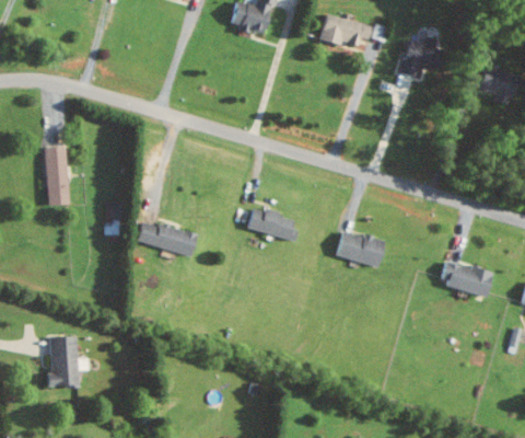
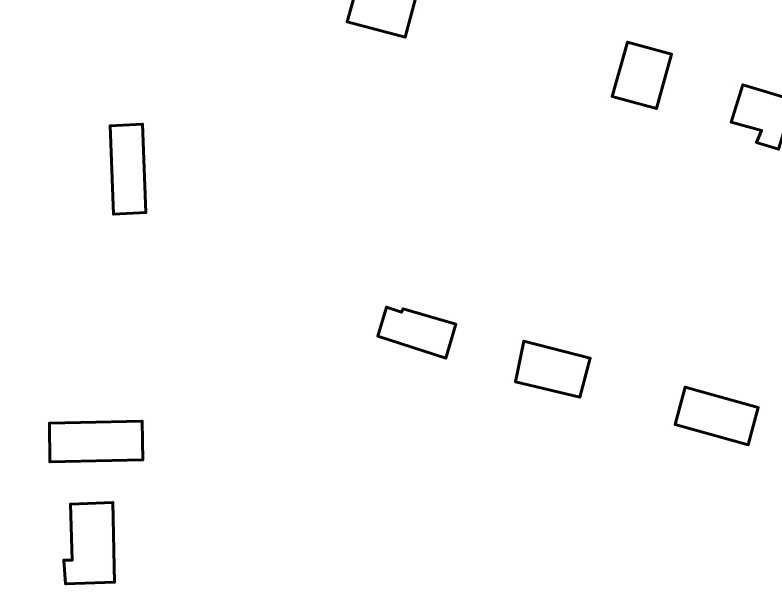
building: [322,15,372,45] -> none
building: [47,147,70,205] -> [110,124,146,214]
building: [138,221,198,256] -> none
building: none -> [49,421,143,462]

